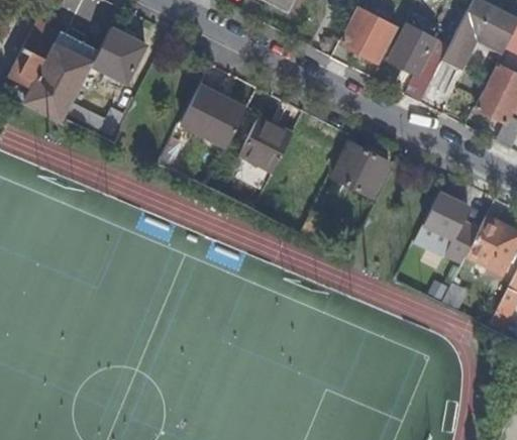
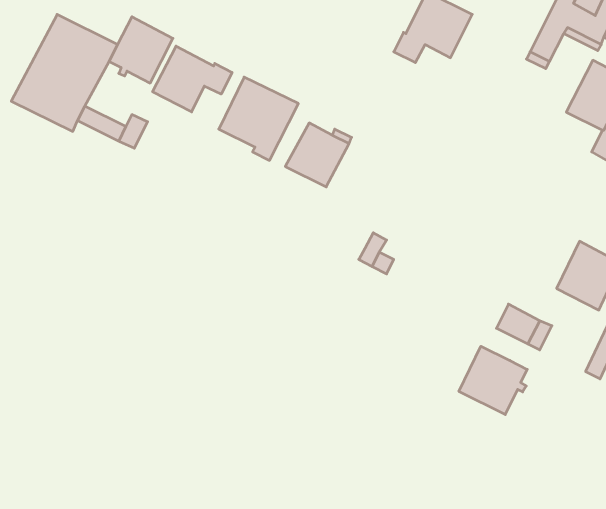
building: [389,23,436,102] -> none
building: none -> [153,46,232,112]
building: [333,141,390,196] -> none
building: [424,193,469,241] -> none
building: none -> [459,346,527,415]

